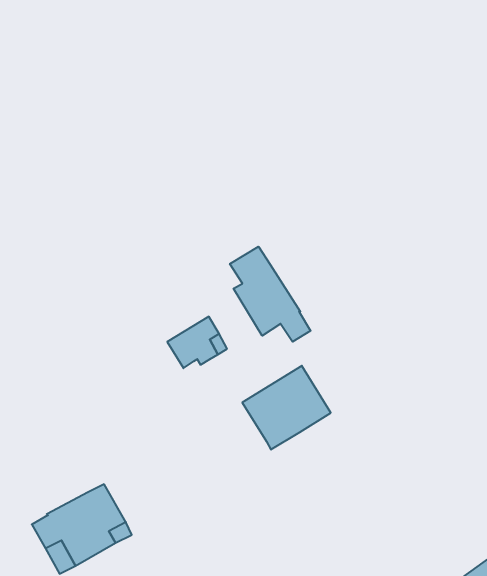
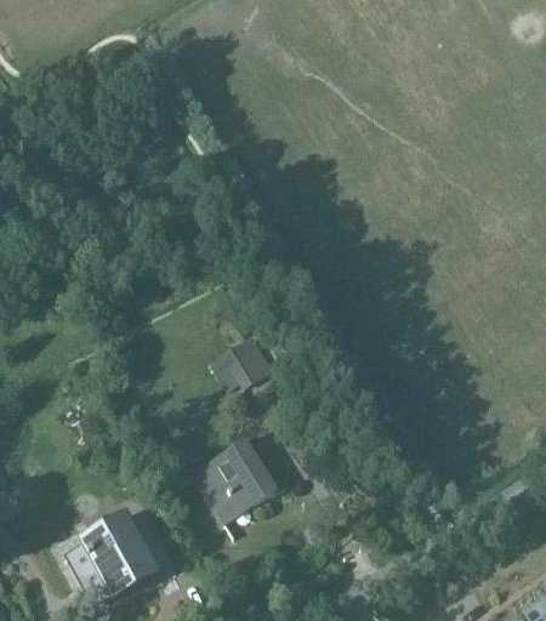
building: [230,247,311,342] -> none
building: [242,366,331,450] -> [188,435,281,524]

